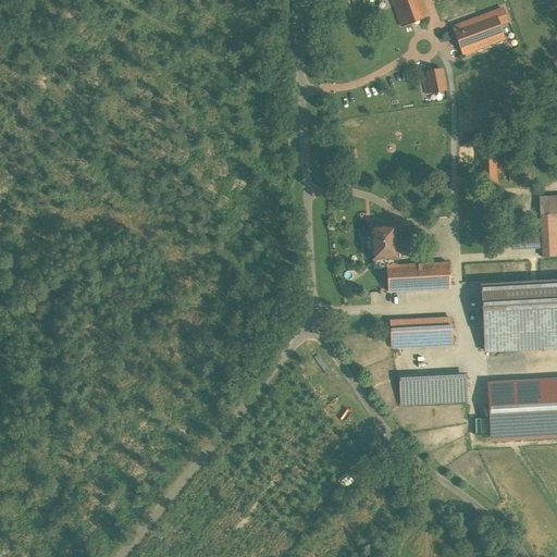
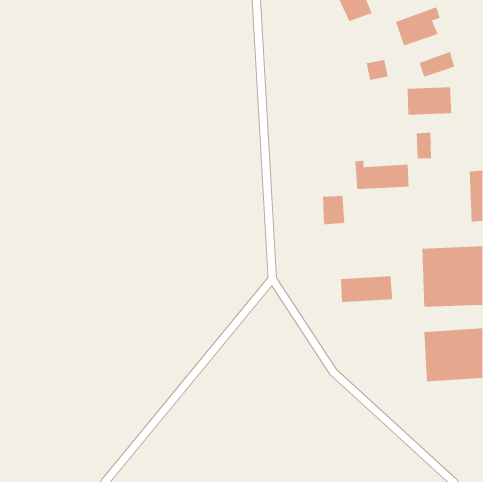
building: none -> [419,51,455,77]
building: none -> [407,87,452,115]
building: [386,257,449,290] -> [355,160,409,190]
building: [399,374,468,404] -> none

